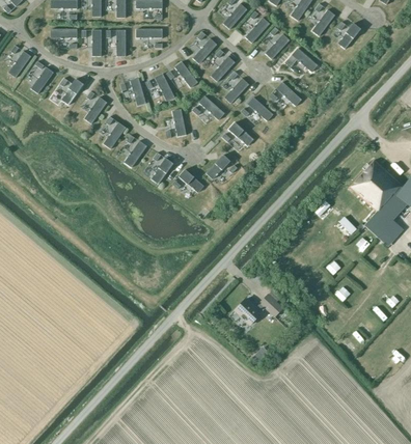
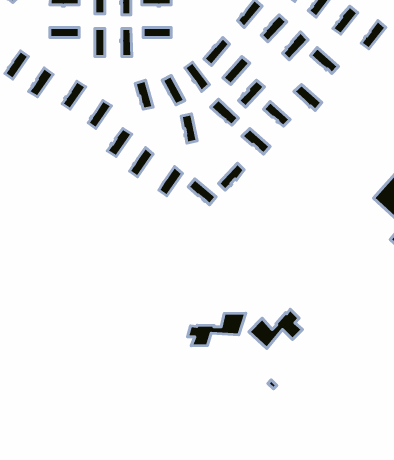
building: none -> [187,313,246,346]

